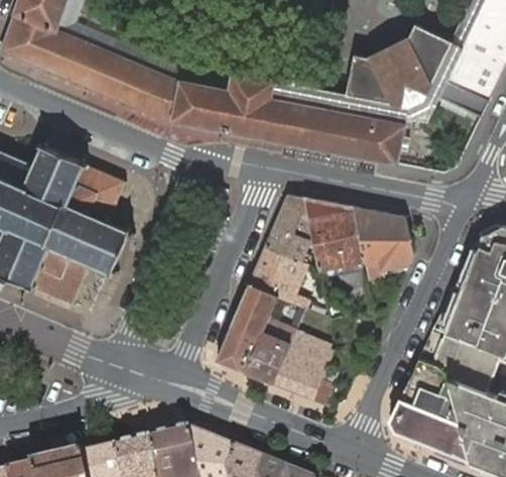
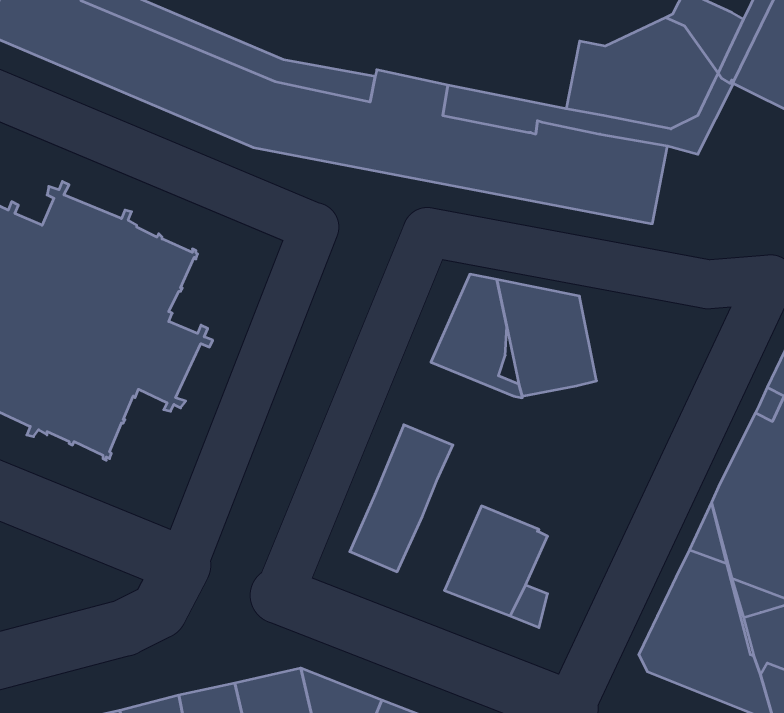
building: [354,208,414,279] -> none
building: [249,247,314,310] -> none
building: [245,317,296,383] -> none

